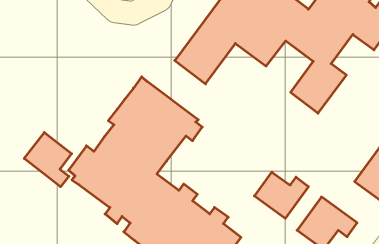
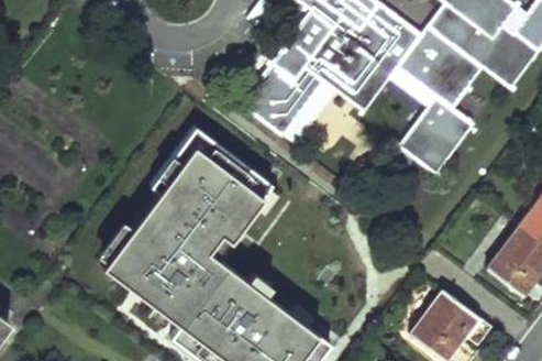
building: [24,132,72,187] -> none
building: [254,172,308,218] -> none

